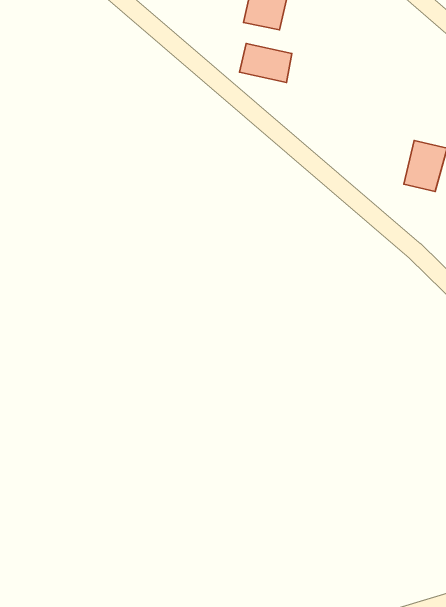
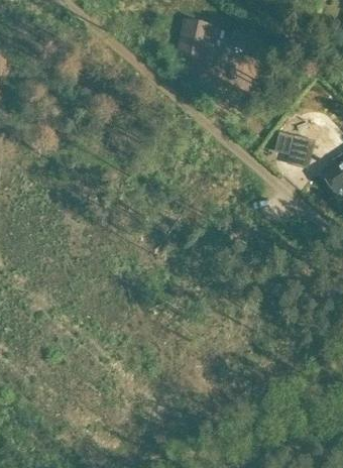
building: [239,44,292,83] -> none

